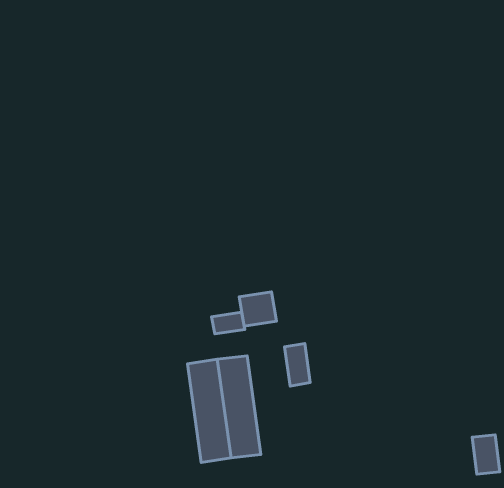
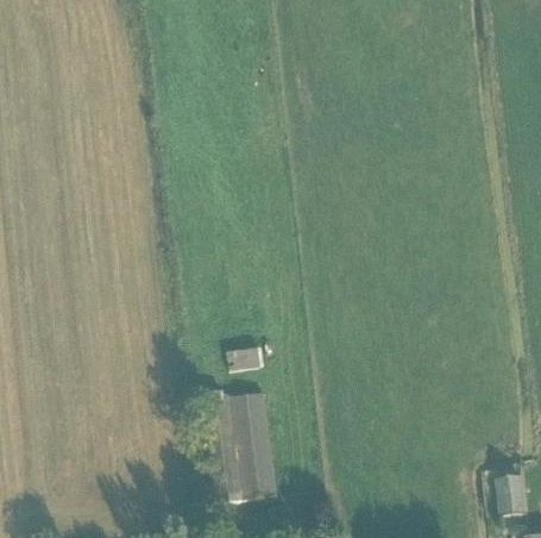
building: [239,292,277,326] -> none
building: [285,343,310,386] -> none

